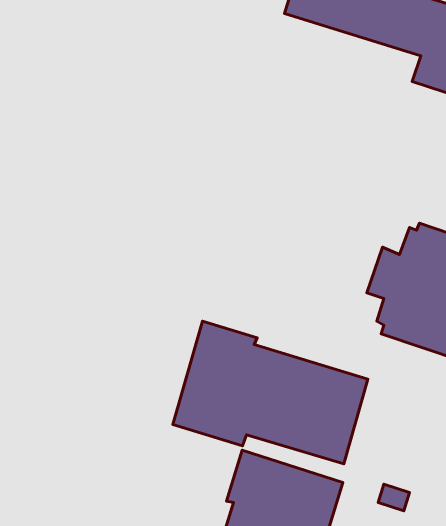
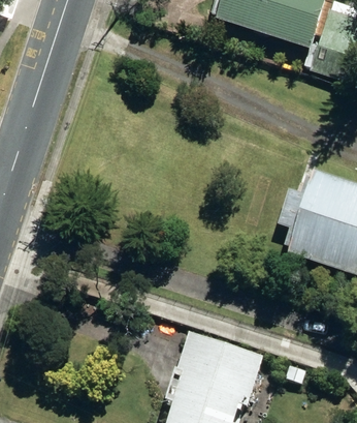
building: [173,321,368,464] -> none

